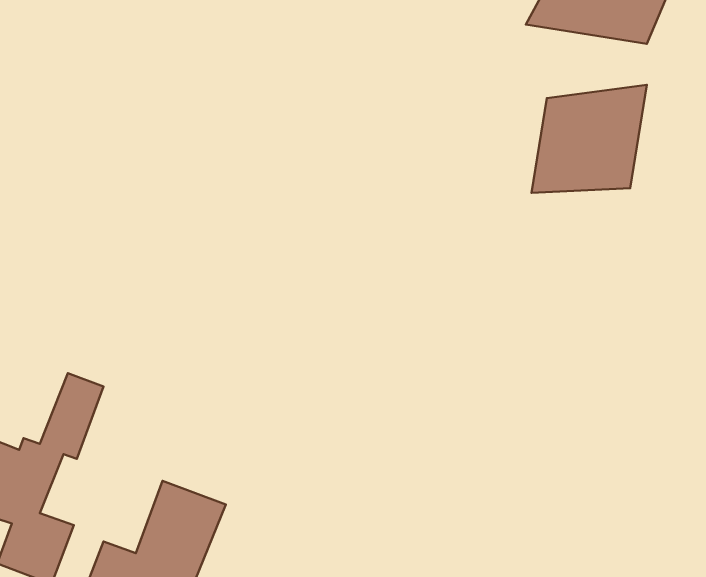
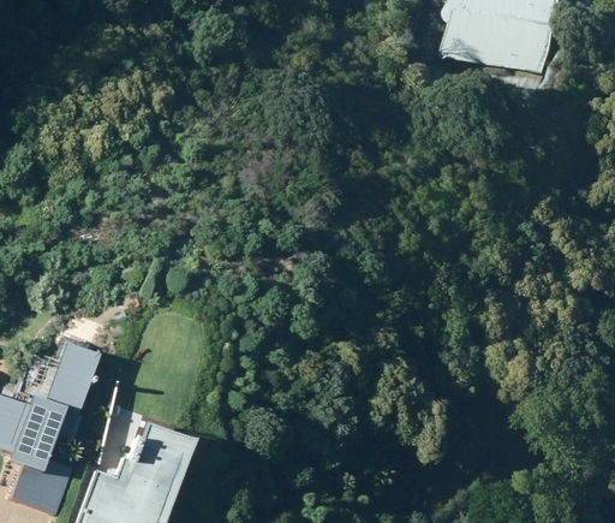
building: [532,85,647,193] -> none

